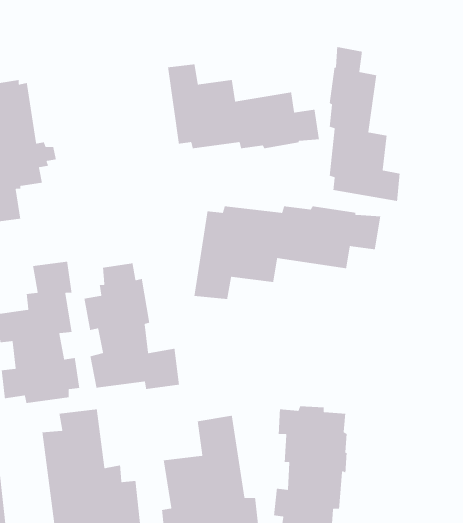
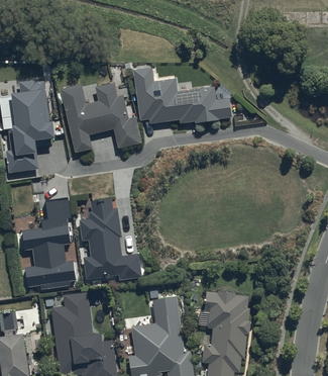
building: [329,46,401,202] -> none
building: none -> [61,80,141,150]
building: [193,205,381,300] -> none

